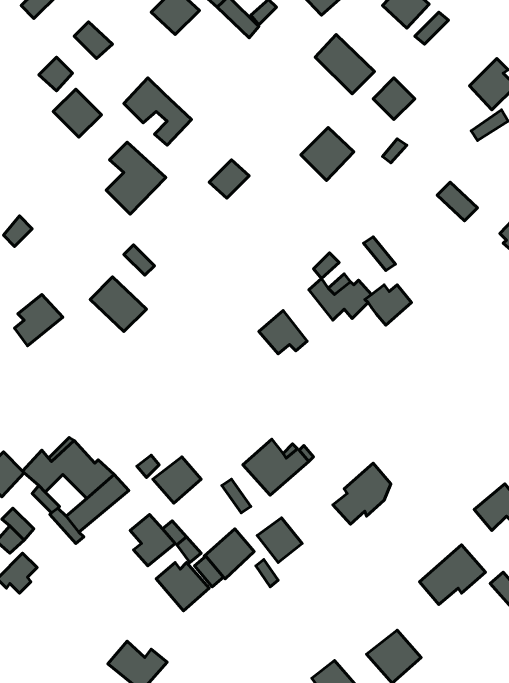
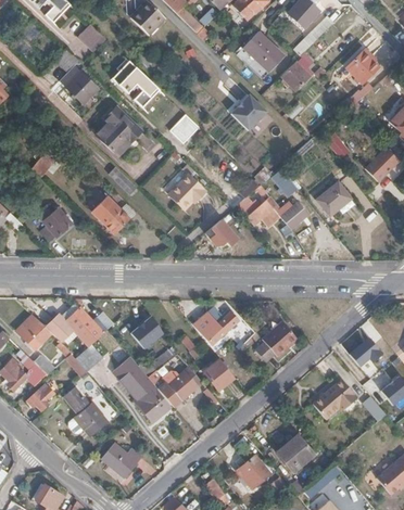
building: none -> [167,174,205,209]
building: none -> [317,181,351,215]
building: none -> [64,387,109,435]

